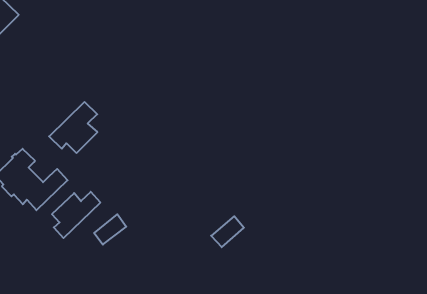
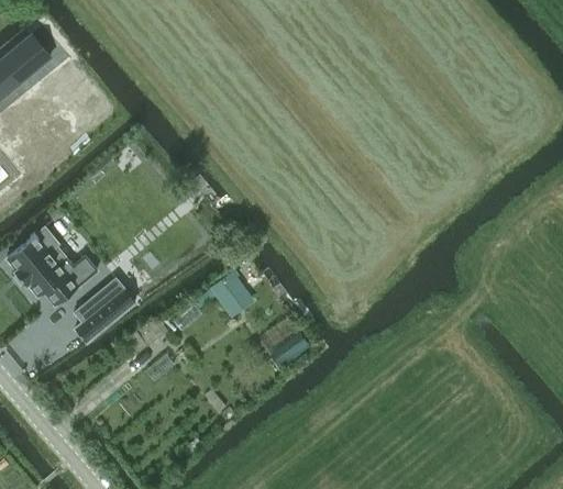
building: [49,102,97,153] -> none
building: none -> [210,268,254,316]

